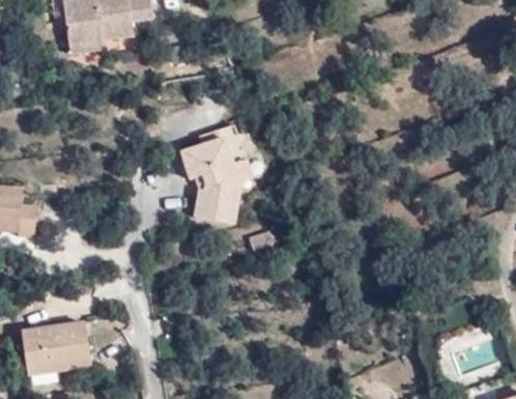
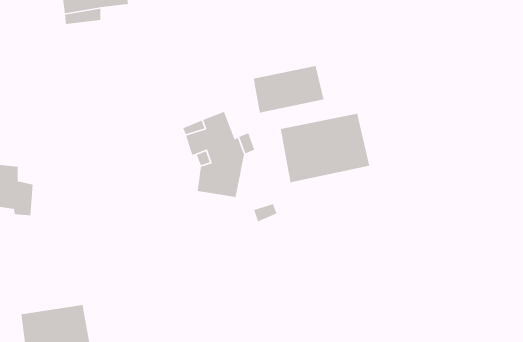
building: none -> [253,65,324,113]
building: none -> [280,113,370,183]

